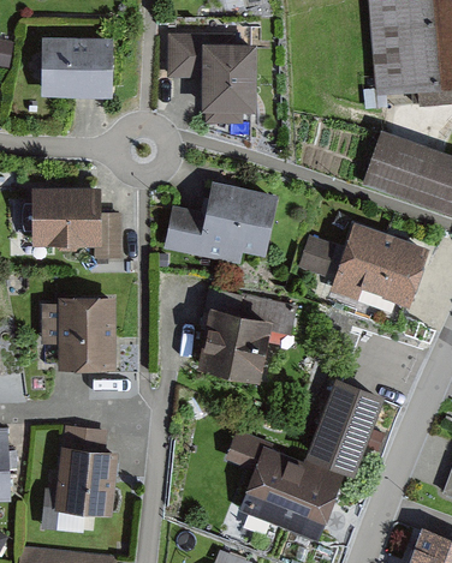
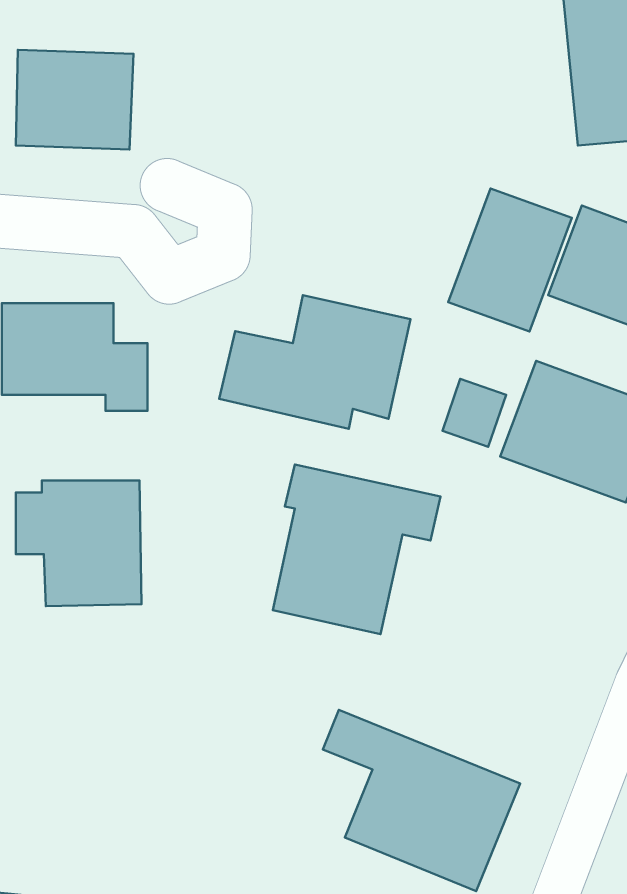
building: [168,34,256,122] -> none
building: none -> [448,189,572,332]
building: [304,383,385,480] -> none
building: [57,425,114,515] -> none

